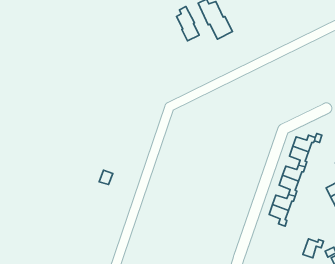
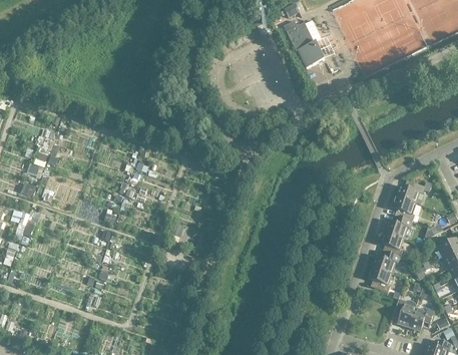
building: [177,7,199,41] -> none
building: none -> [396,299,416,327]

